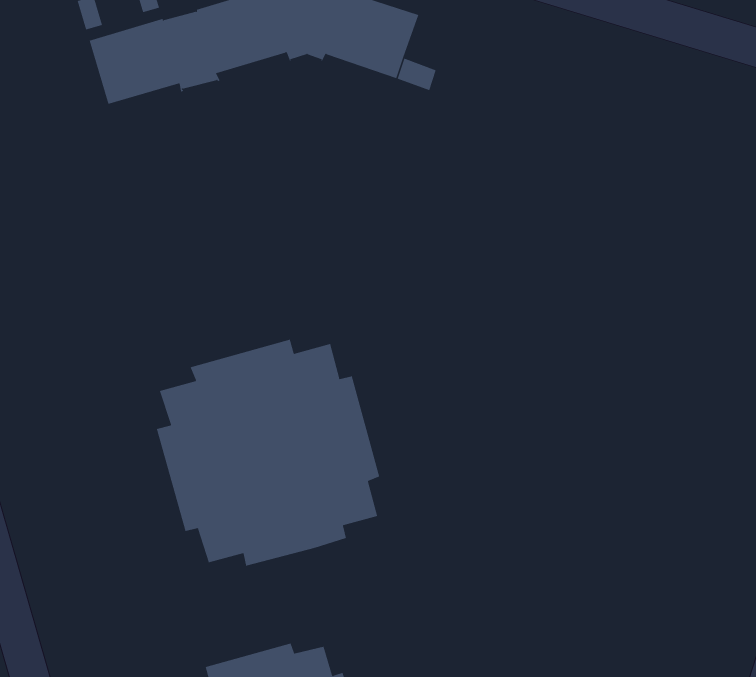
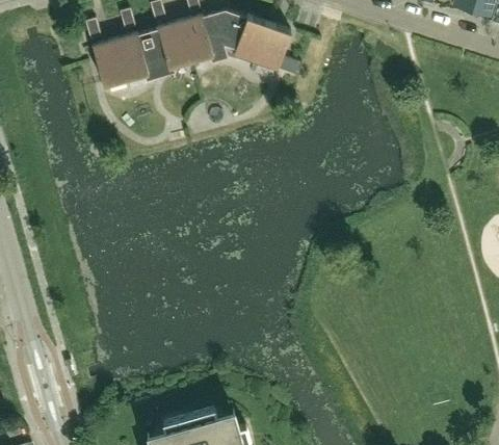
building: [156,339,380,567] -> none

